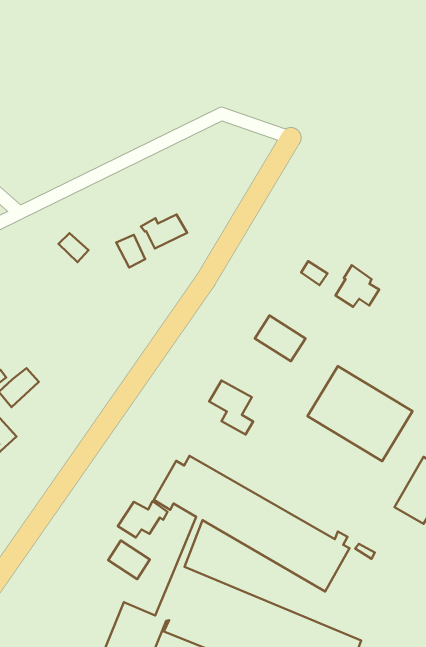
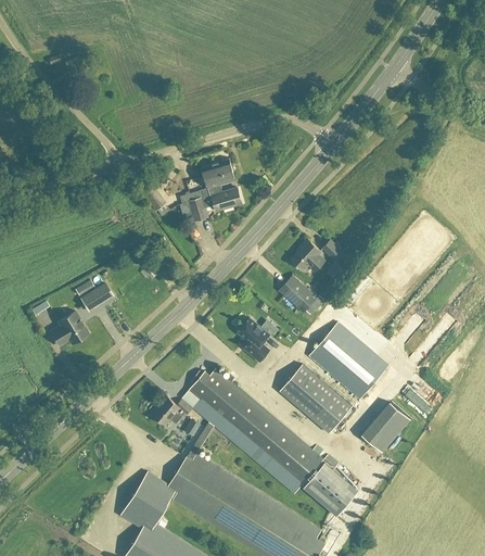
building: none -> [183,159,235,193]
building: [335,265,379,307] -> [291,239,324,271]
building: none -> [279,364,352,433]
building: [108,540,150,579] -> none
building: none -> [303,465,357,517]

